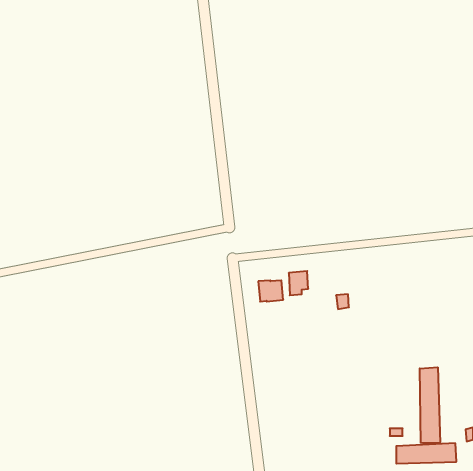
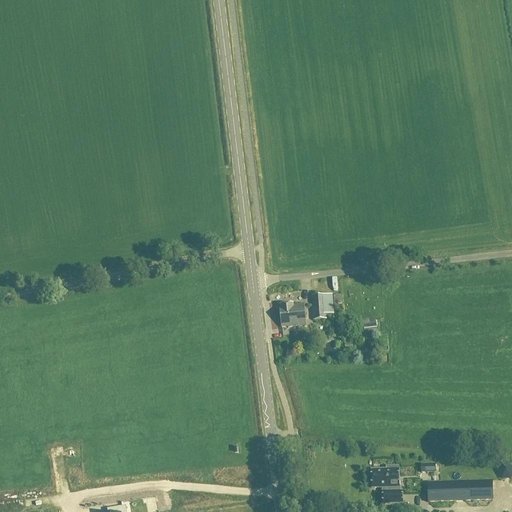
building: [420,367,440,443] -> none
building: none -> [371,465,402,502]

